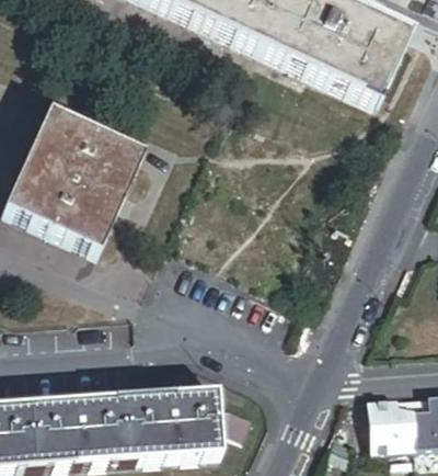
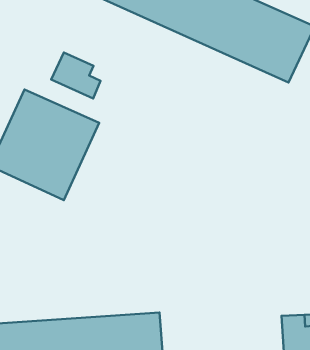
building: none -> [51,53,101,99]

